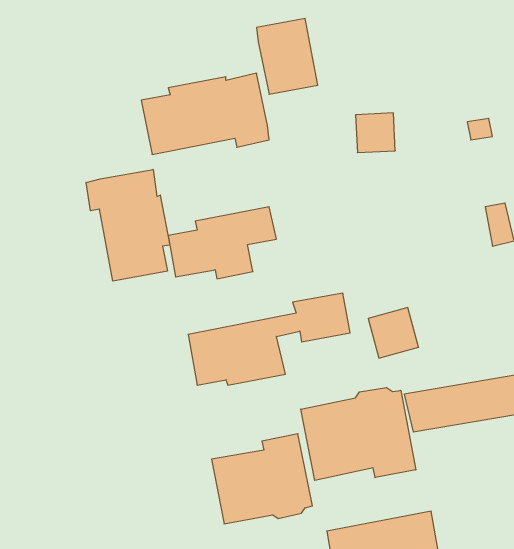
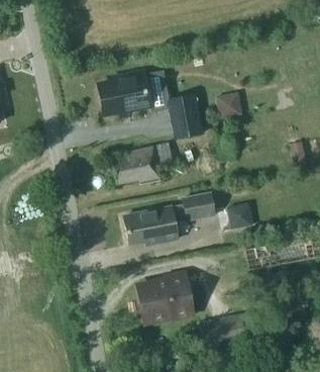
building: [257,18,318,94] -> [169,94,203,136]
building: [86,169,170,281] -> none
building: [301,388,416,480] -> none

